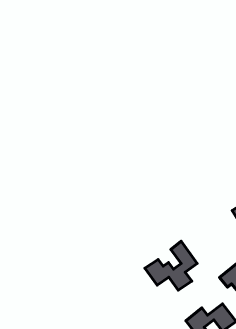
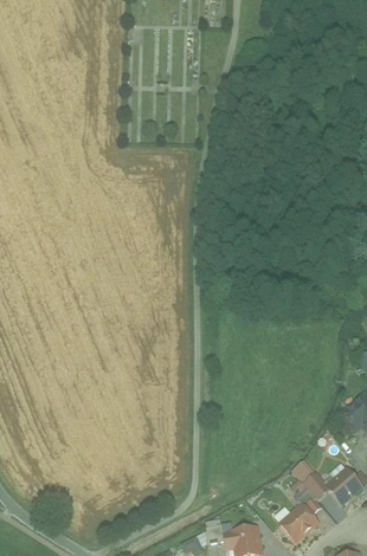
building: [145,241,197,290] -> none

